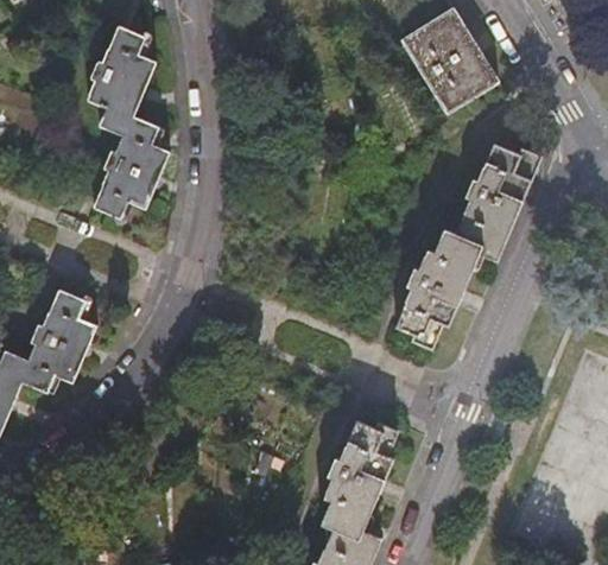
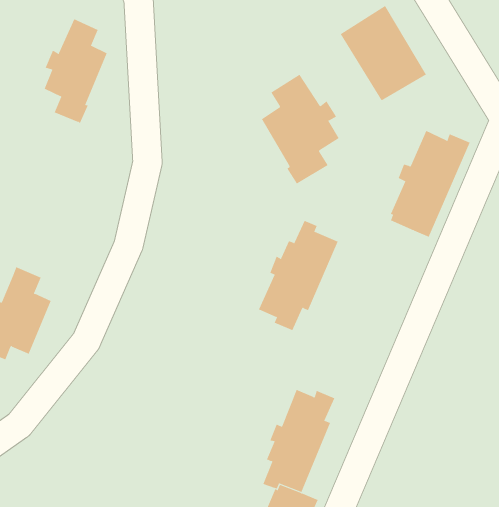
building: none -> [261,74,339,185]
building: [95,118,170,217] -> none
building: [395,228,481,345] -> [258,220,339,331]

